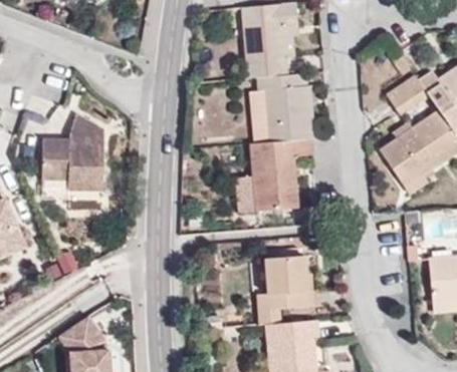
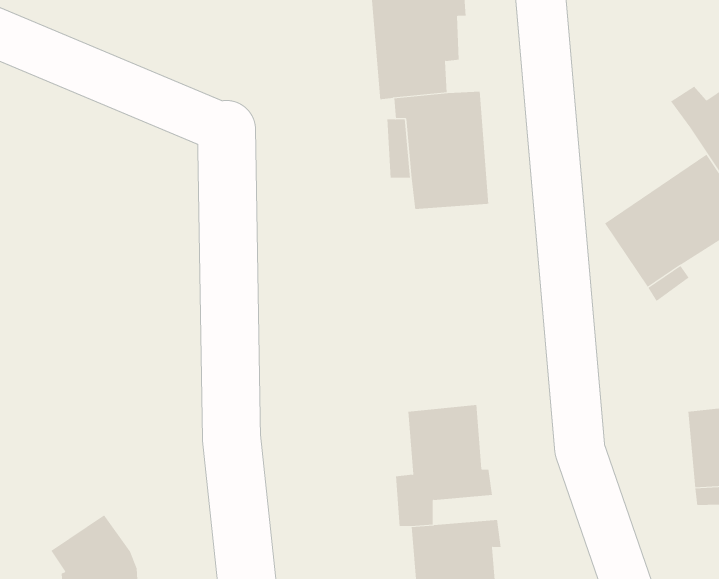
building: [385,75,427,114] -> none
building: [40,112,103,202] -> none
building: [250,138,311,211] -> none

